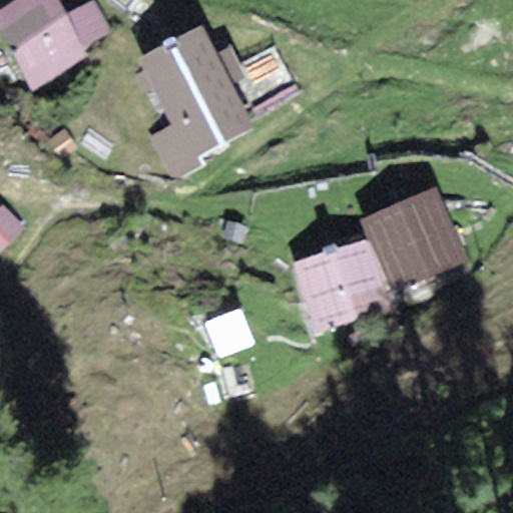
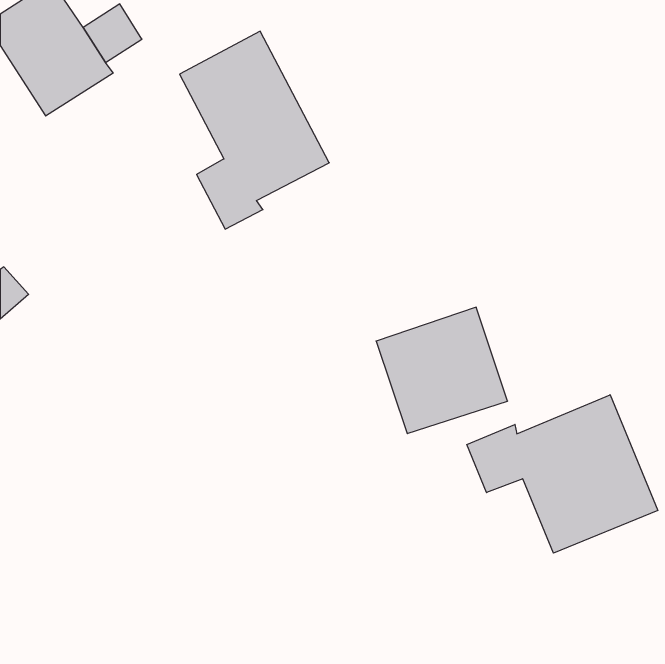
building: [364,186,466,292] -> none
building: none -> [467,395,658,553]

